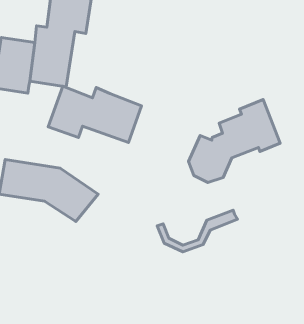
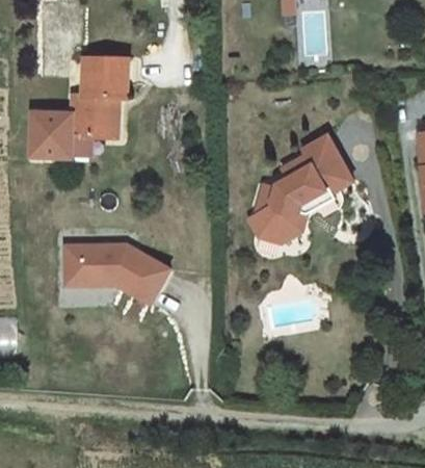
building: [48,86,141,143] -> none
building: [157,210,238,252] -> [250,188,337,242]

